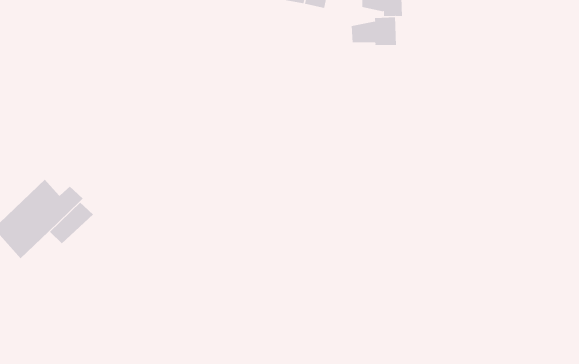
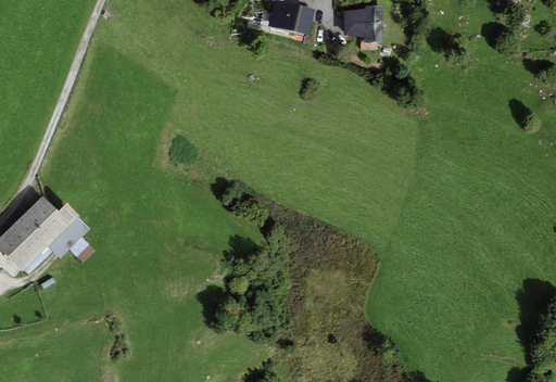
building: [351,16,396,46] -> none

